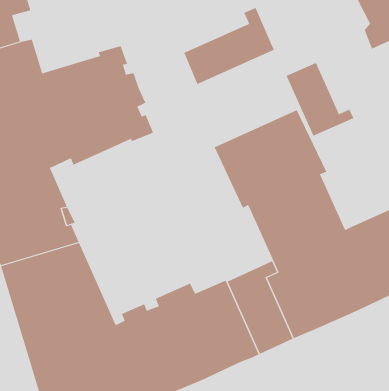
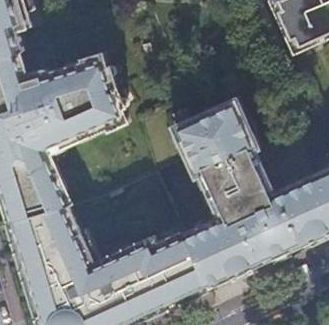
building: [183,7,275,85] -> none
building: [286,62,354,136] -> none

